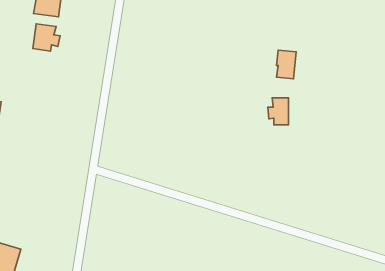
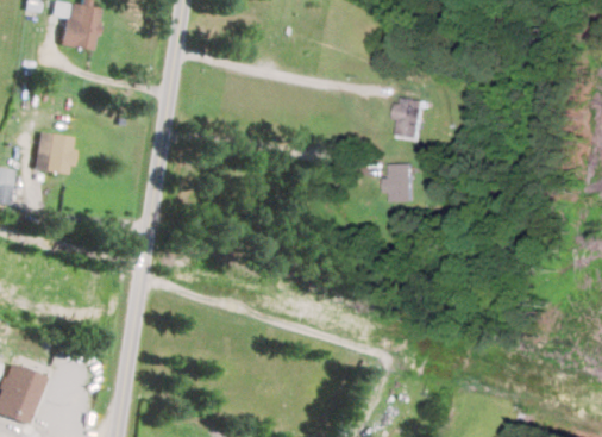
building: [33,24,60,51] -> none
building: none -> [35,132,75,175]

